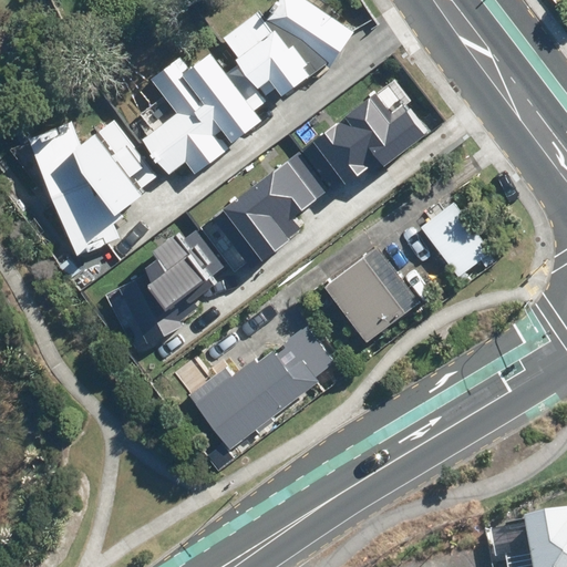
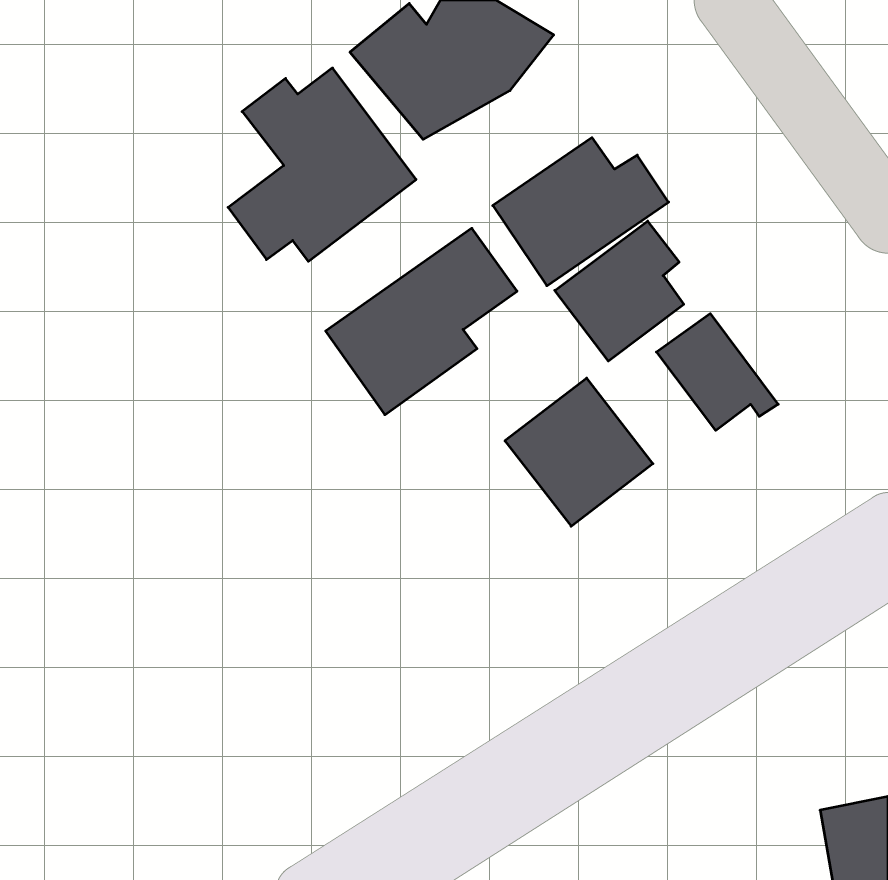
building: [32,120,157,254] -> none
building: none -> [555,221,684,361]
building: [121,230,217,338] -> none
building: [186,329,331,451] -> none

